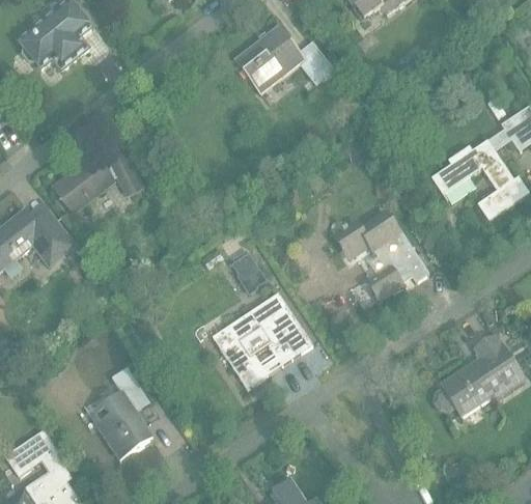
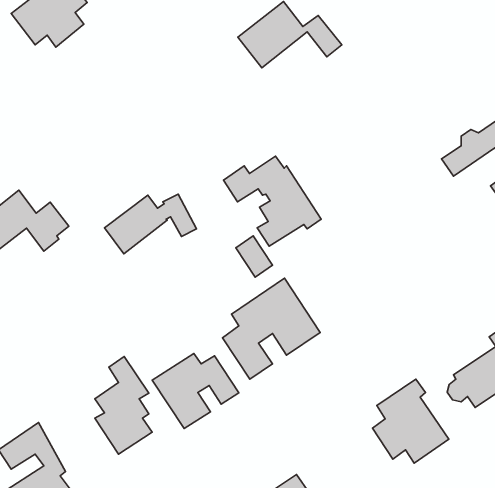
building: [55,155,143,212] -> [104,194,197,254]
building: [335,213,428,299] -> [224,156,321,246]
building: none -> [152,353,239,429]
building: none -> [372,379,449,463]

